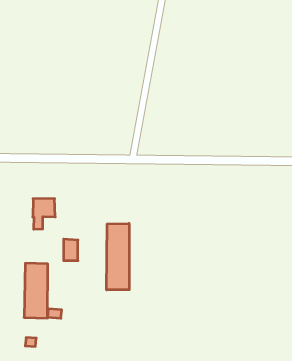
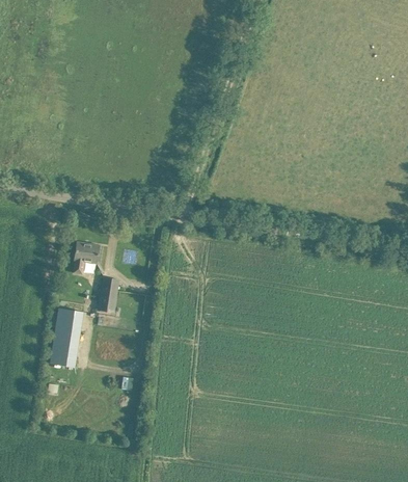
building: [107,223,129,290] -> none

